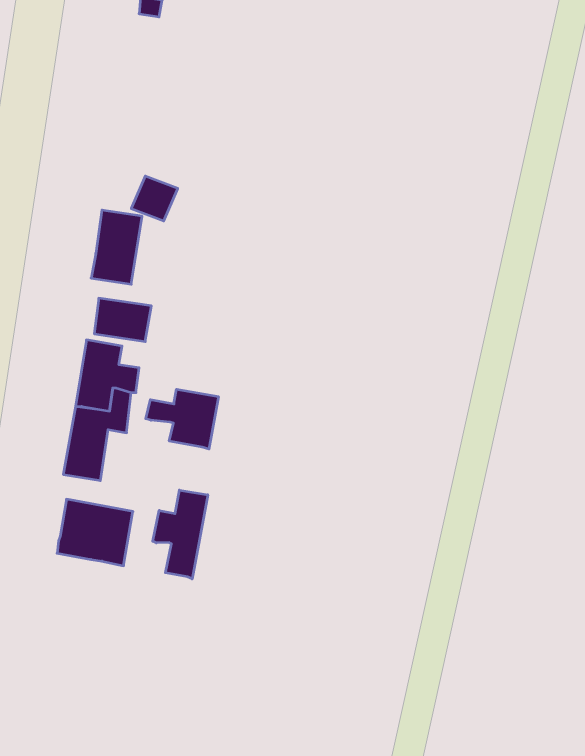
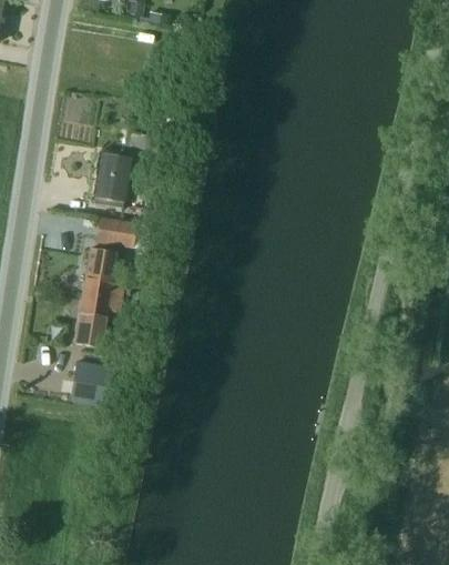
building: [146,389,218,449] -> none
building: [153,490,208,579] -> none

